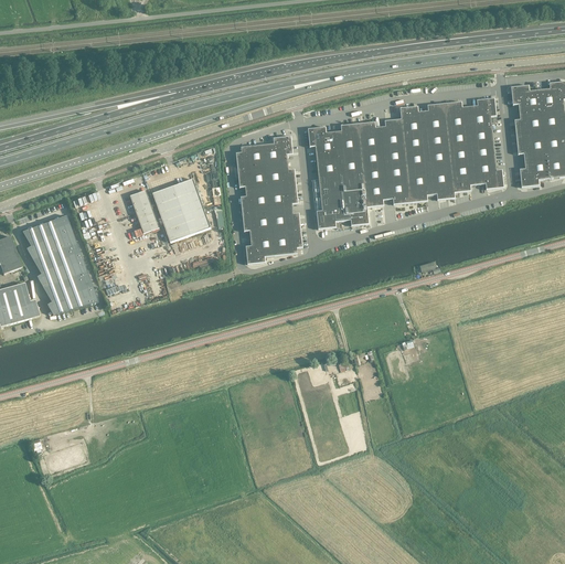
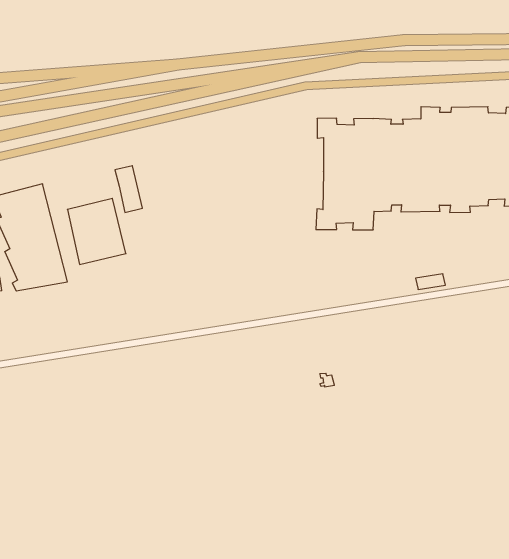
building: [236,136,303,264] -> none
building: [153,178,211,241] -> [67,198,126,264]

